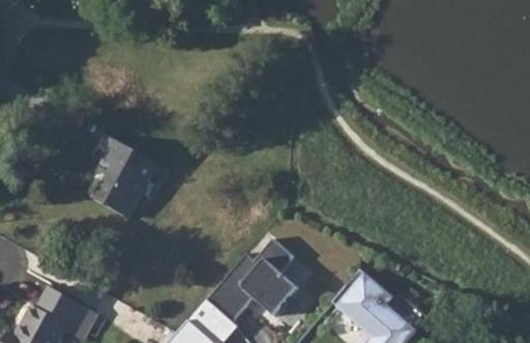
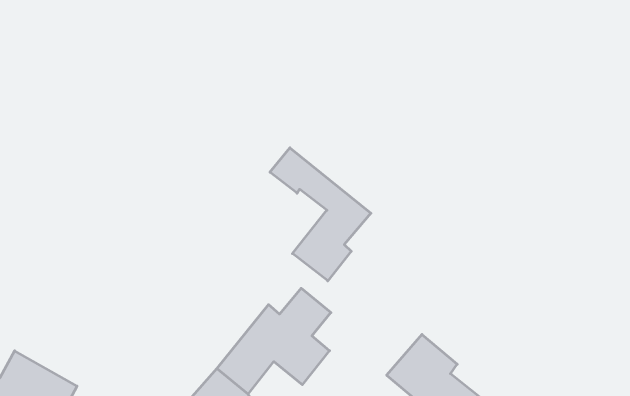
building: none -> [270,148,371,281]
building: [93,135,157,218] -> none

